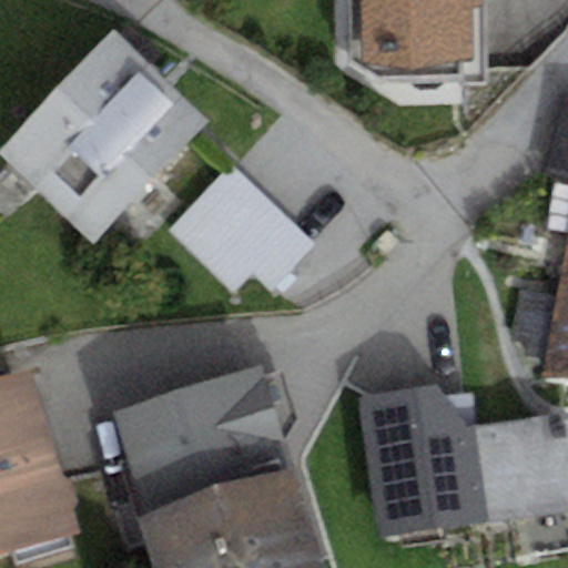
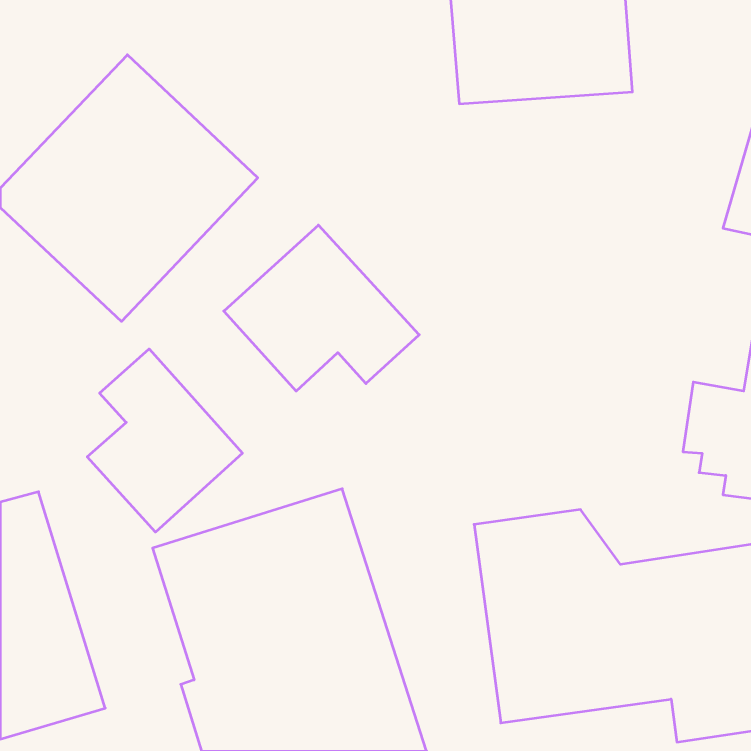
building: none -> [87,349,242,532]

